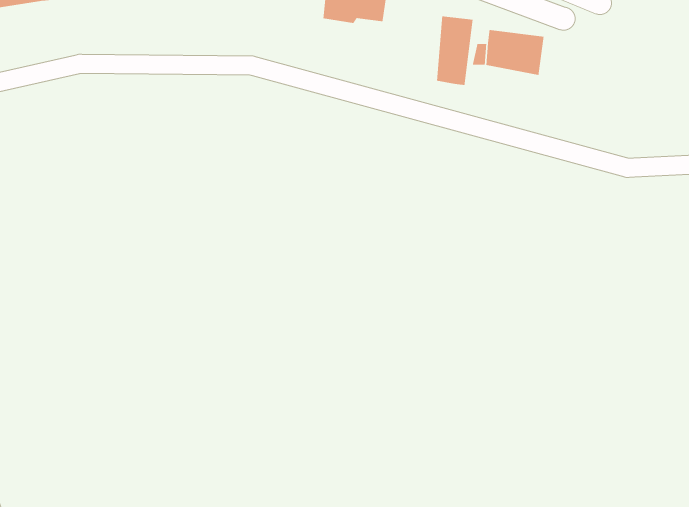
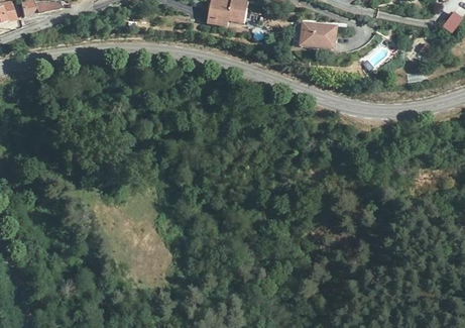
building: [436,15,473,86] -> none

